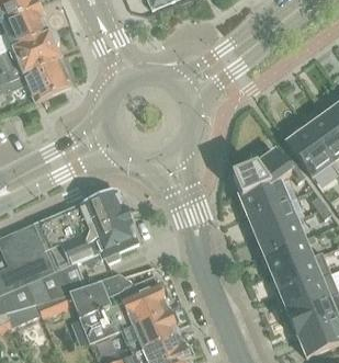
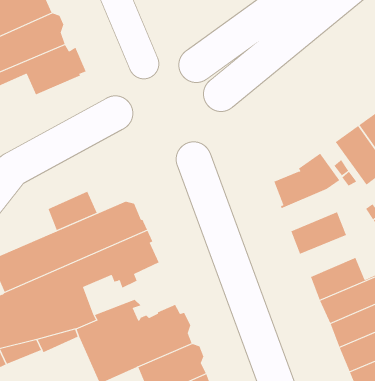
building: [241,180,289,215] -> none
building: none -> [38,191,97,231]
building: [257,218,304,253] -> none

